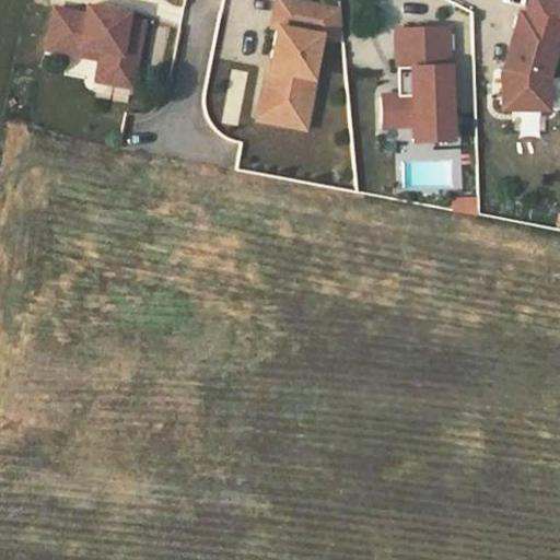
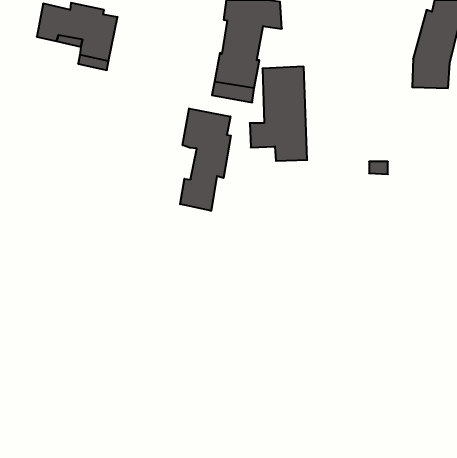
building: [382,26,452,141] -> [250,67,307,161]
building: none -> [180,108,231,211]

